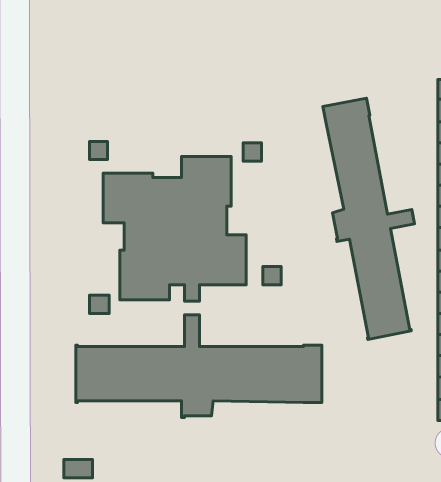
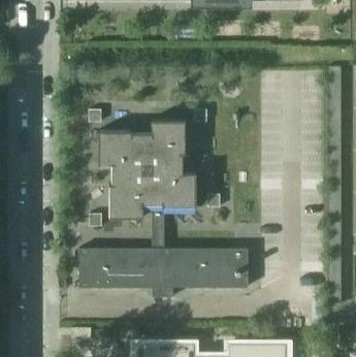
building: [323,98,414,339] -> none

